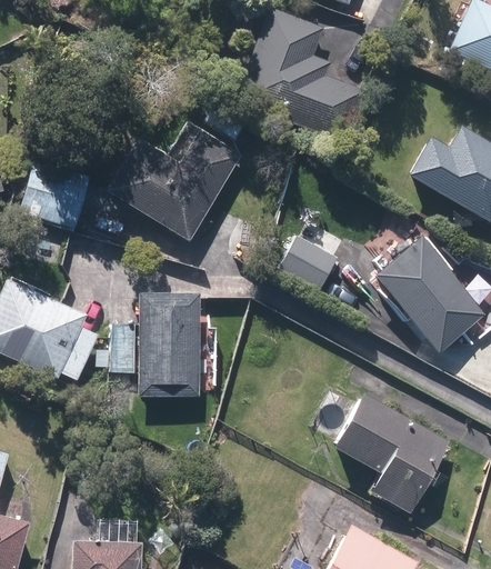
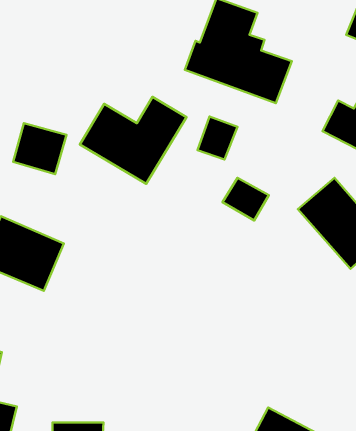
building: none -> [197,117,237,160]
building: [137,293,200,396] -> none
building: [329,396,445,511] -> none

